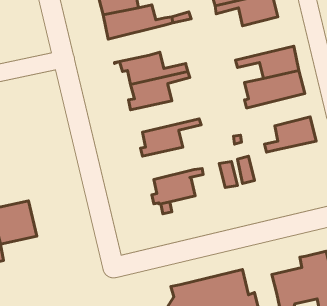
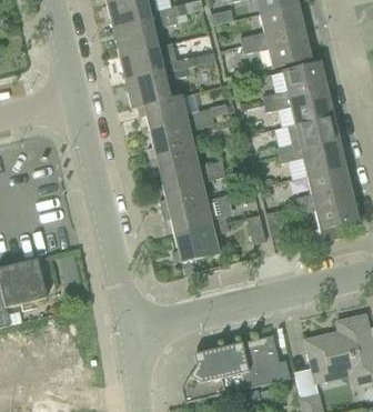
building: none -> [263,62,330,104]
building: none -> [125,66,191,107]
building: none -> [278,141,347,177]
building: none -> [150,149,225,183]
building: none -> [300,193,360,242]
building: none -> [163,200,229,235]

